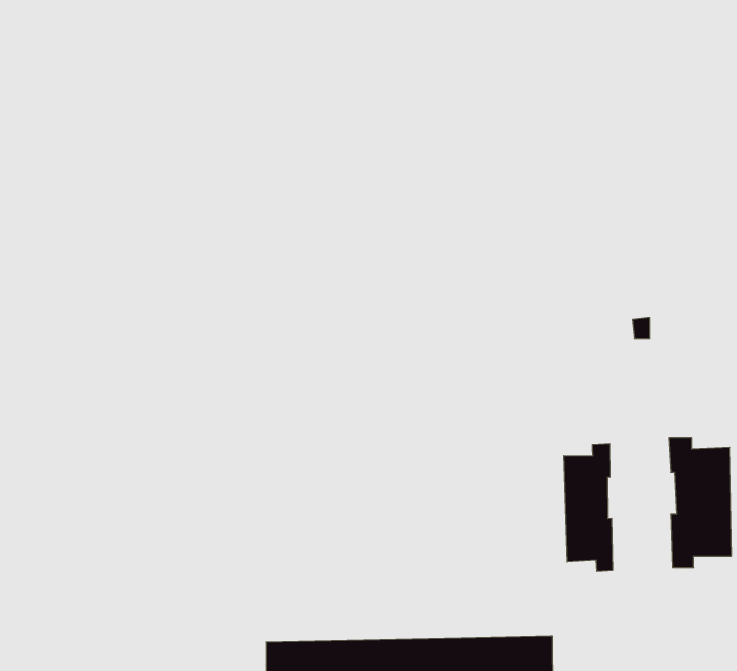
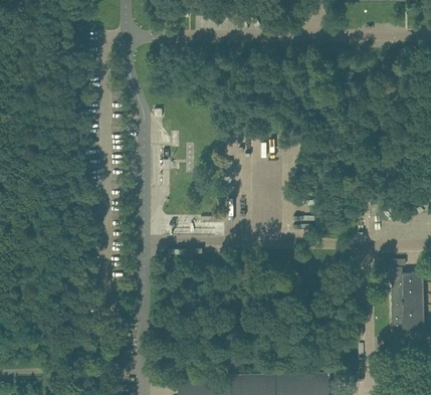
building: [564,444,613,571] -> none

